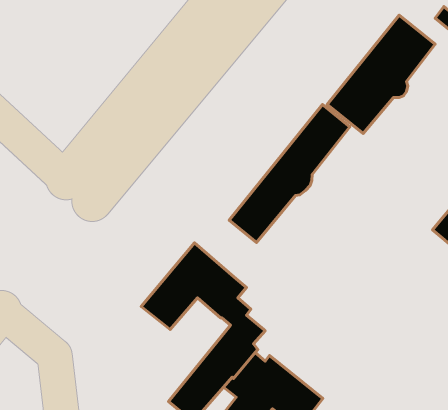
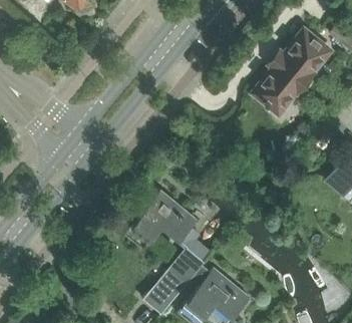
building: [229,104,350,243] -> none

